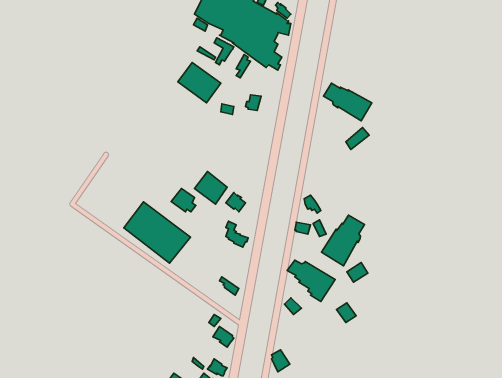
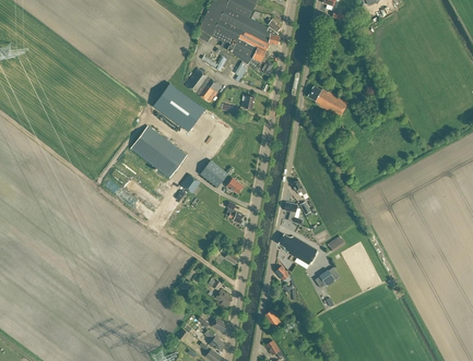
building: none -> [153,82,205,131]
building: [124,202,190,263] -> [131,127,187,178]
building: [322,215,365,266] -> none

